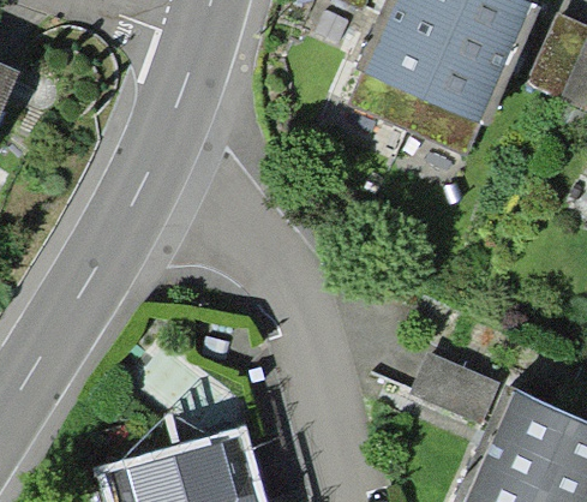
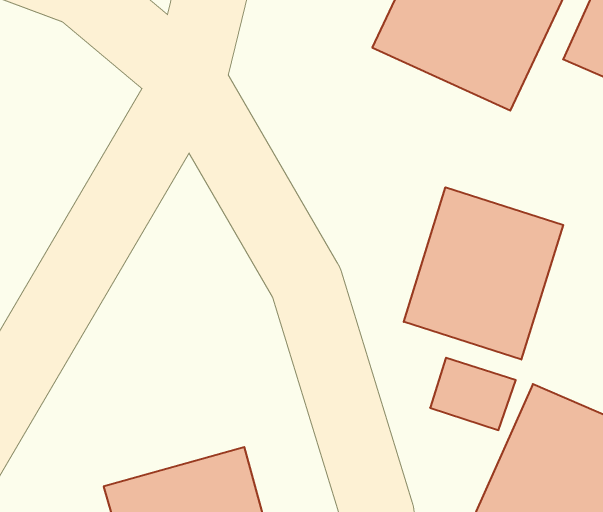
building: none -> [404,187,563,360]

